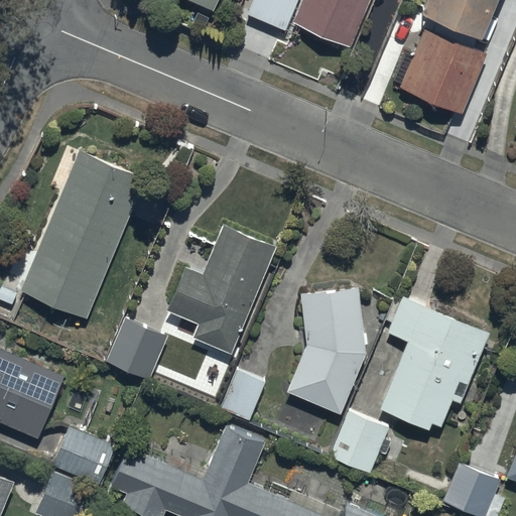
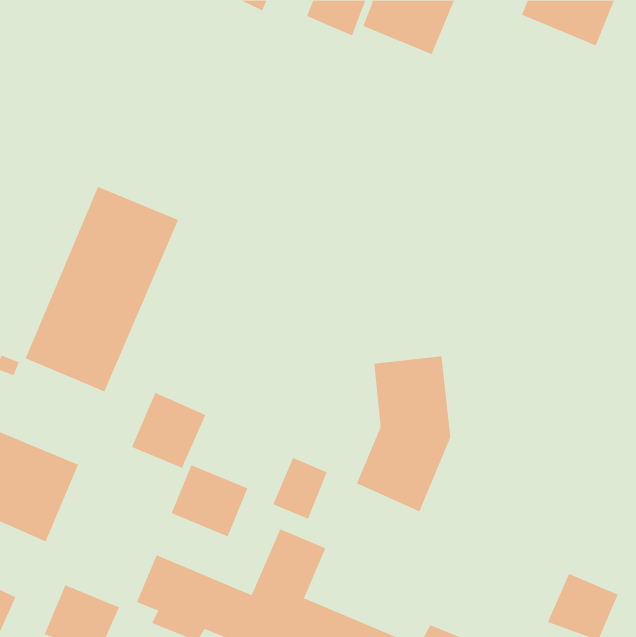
building: [398,28,486,114] -> none
building: [166,226,274,353] -> none
building: [380,297,489,430] -> none
building: [330,411,388,473] -> none
building: [52,426,115,485] -> [171,465,248,537]

